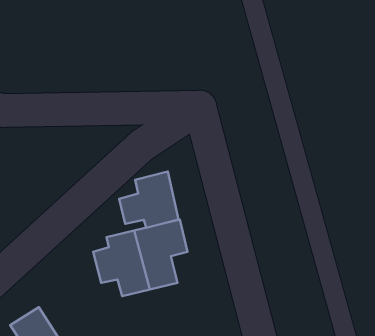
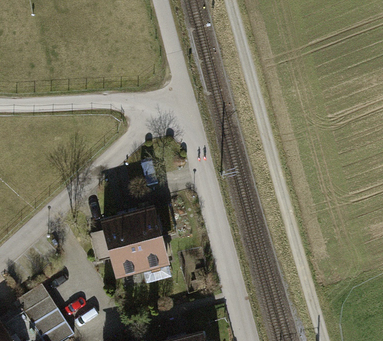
building: [119,172,178,228] -> none

